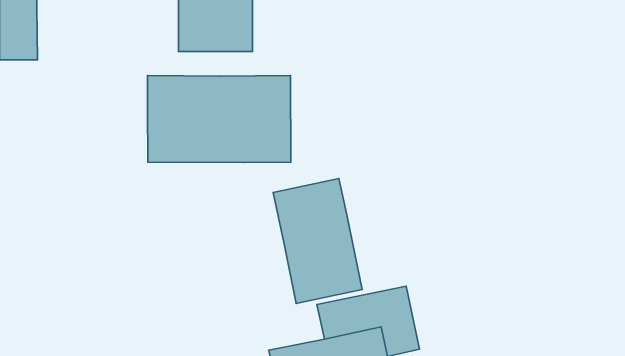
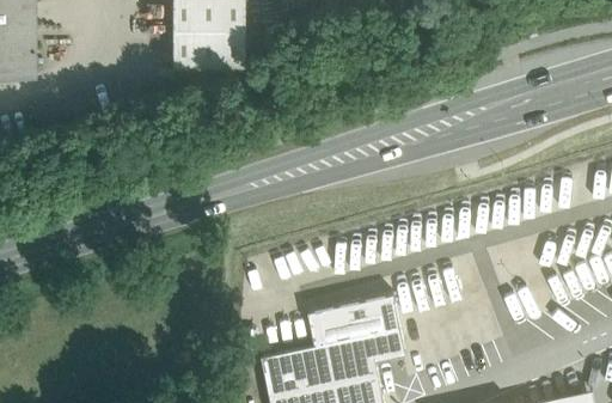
building: [148,76,291,162] -> none
building: [273,178,362,303] -> none

